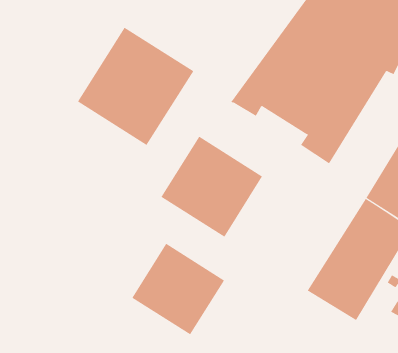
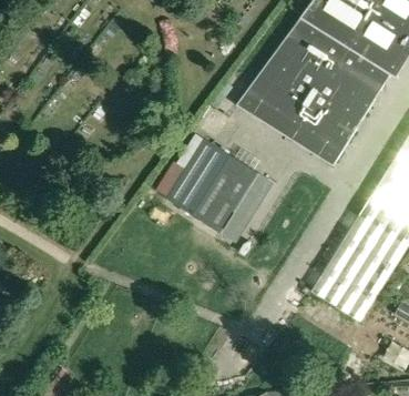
building: [77,27,194,146] -> none
building: [131,243,225,335] -> none

